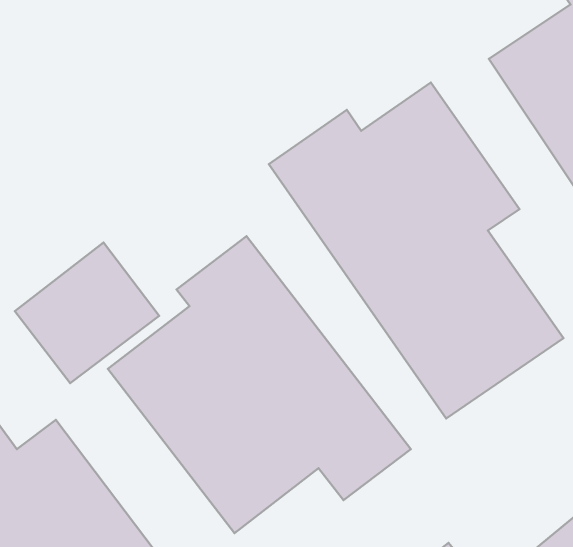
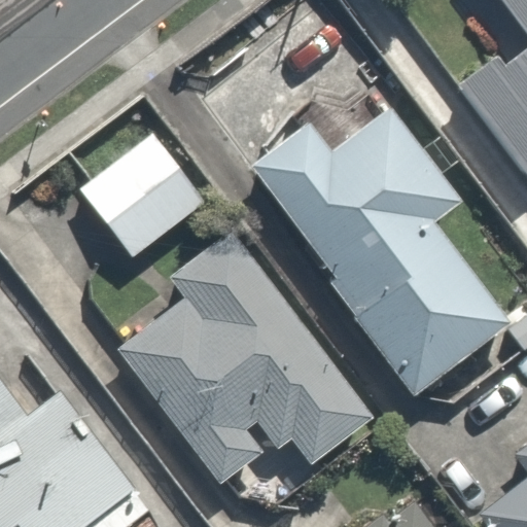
building: [15,242,159,383] -> [83,131,209,253]

